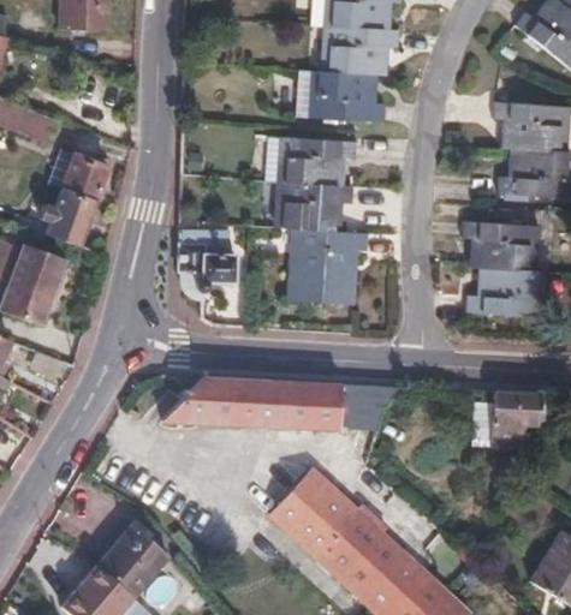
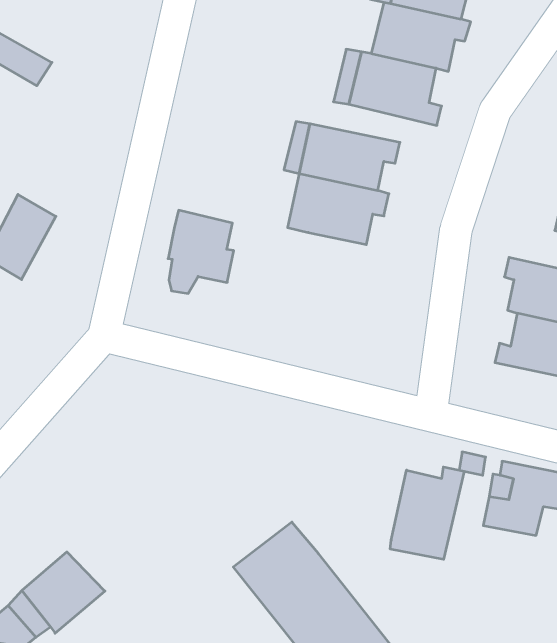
building: [38,153,106,249] -> none
building: [289,228,365,304] -> none
building: [166,377,404,432] -> none
building: none -> [390,467,464,559]

